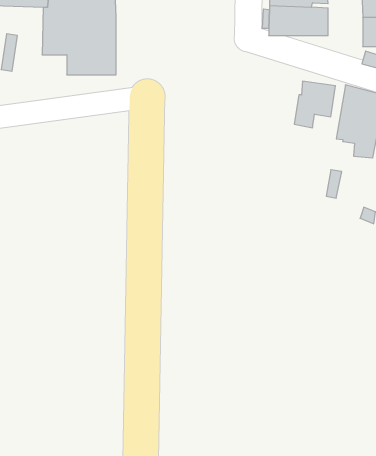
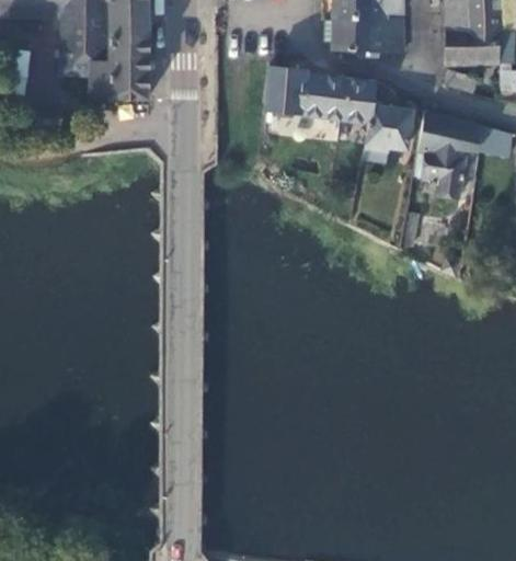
building: none -> [265,65,376,122]

